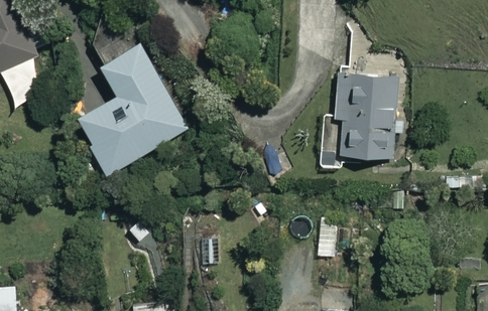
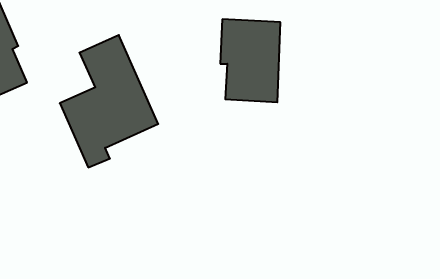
building: [334,73,395,158] -> [220,19,280,102]

